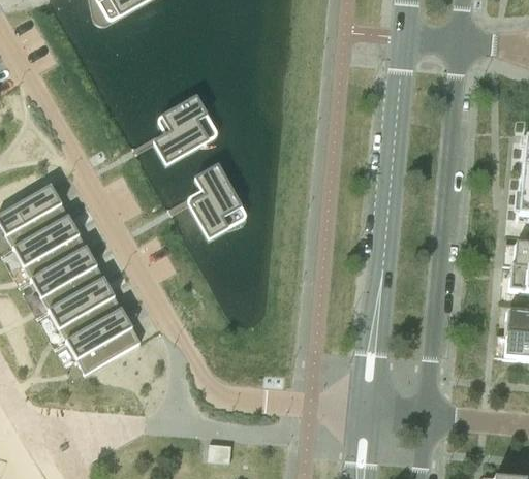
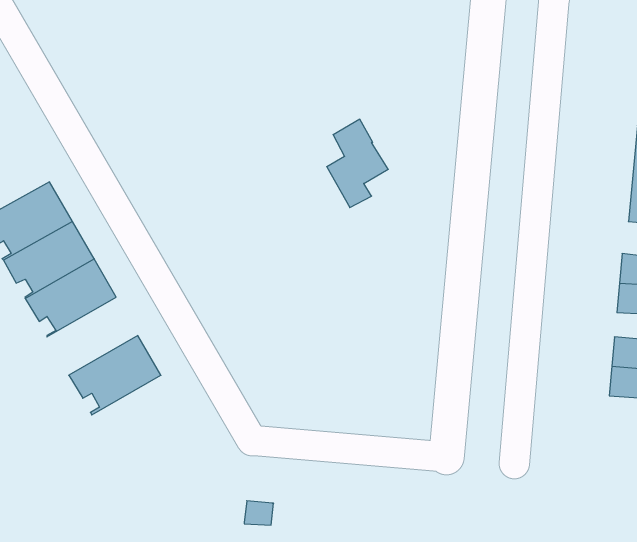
building: [154,98,208,163] -> none
building: [191,165,241,236] -> [327,119,388,208]
building: [49,279,122,342] -> none

